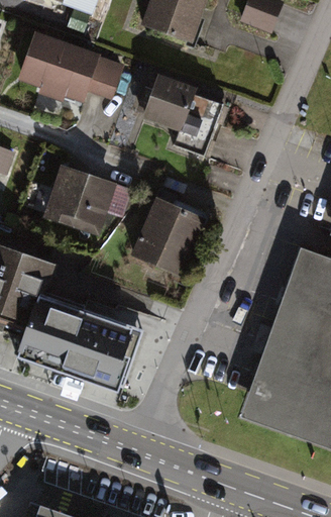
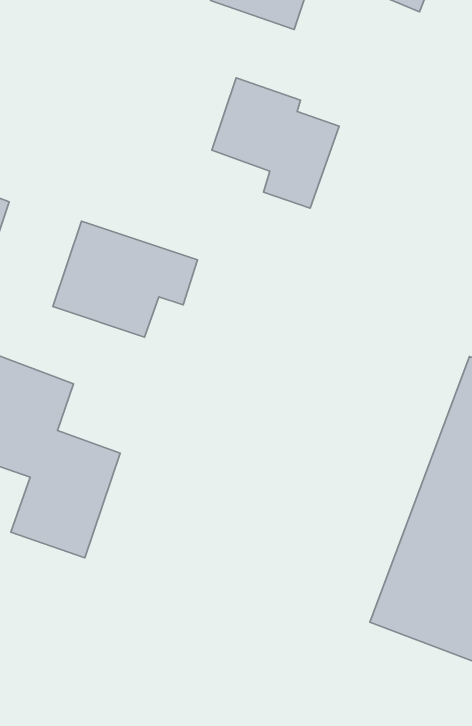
building: [18,30,124,101] -> none
building: [134,200,203,274] -> none
building: [62,307,142,393] -> none

